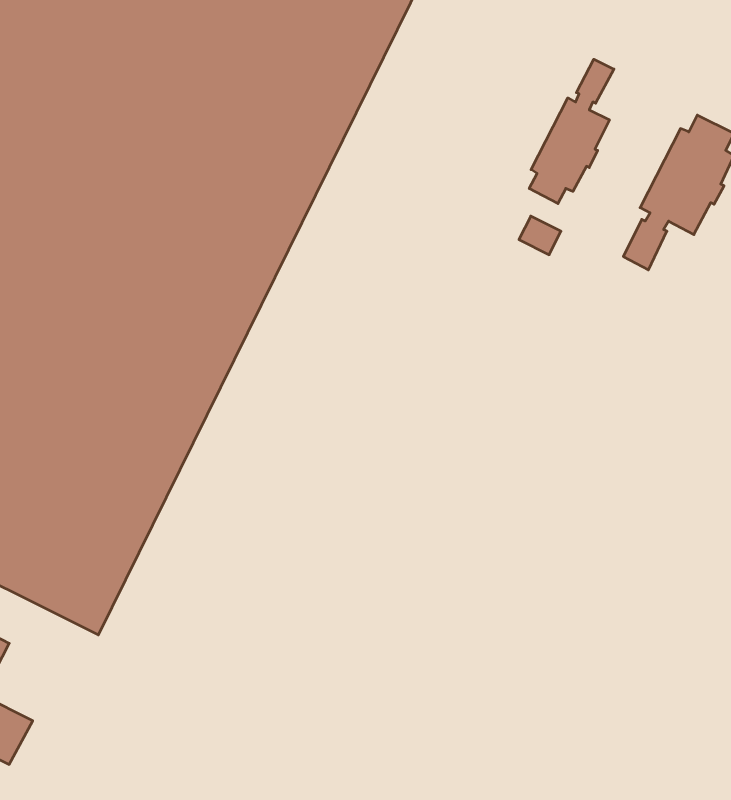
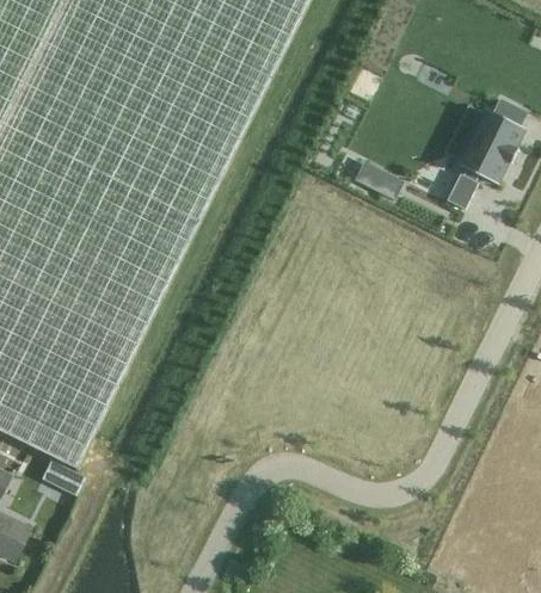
building: [529,59,614,204] -> none
building: none -> [42,459,85,495]

